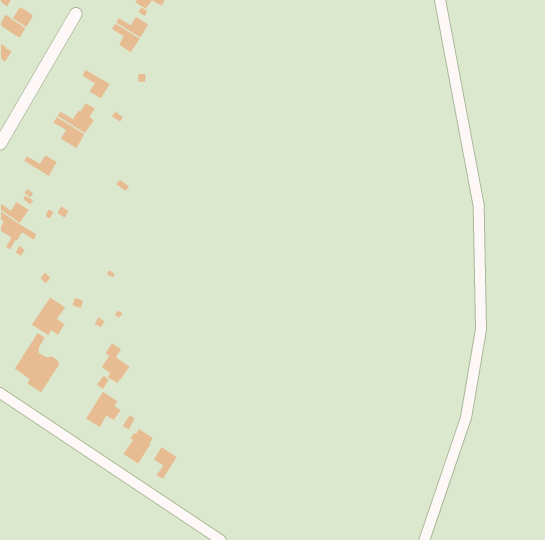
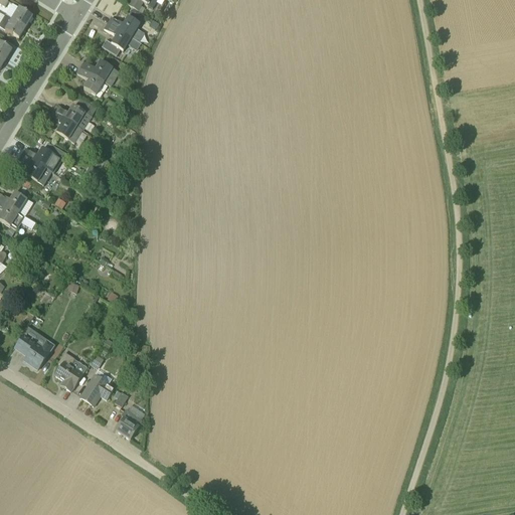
building: none -> [80,59,121,84]
building: none -> [18,152,51,184]
building: [31,297,66,336] -> none
building: [101,342,131,384] -> [55,350,83,389]
building: [153,446,177,480] -> none

